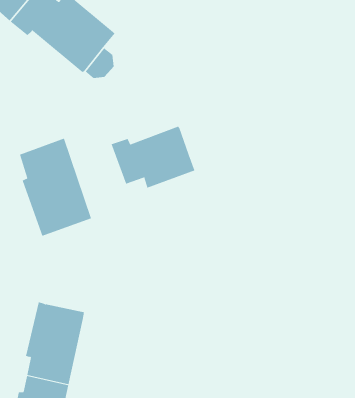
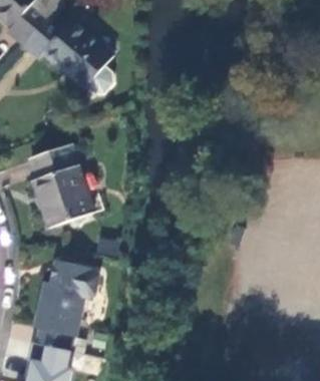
building: [111,126,195,189] -> none
building: none -> [51,261,98,298]

